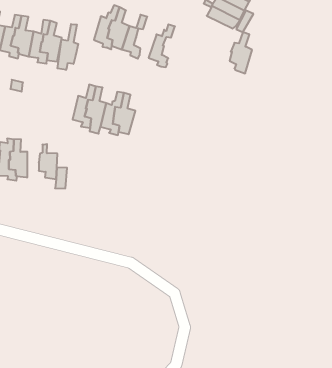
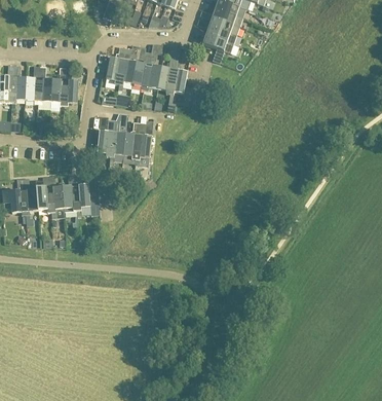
building: none -> [143,51,161,87]
building: [57,24,78,70] -> none
building: [230,32,252,73] -> [168,57,187,93]
building: none -> [62,174,81,211]

